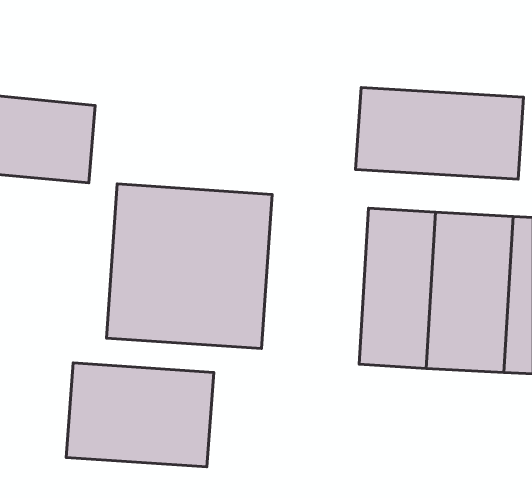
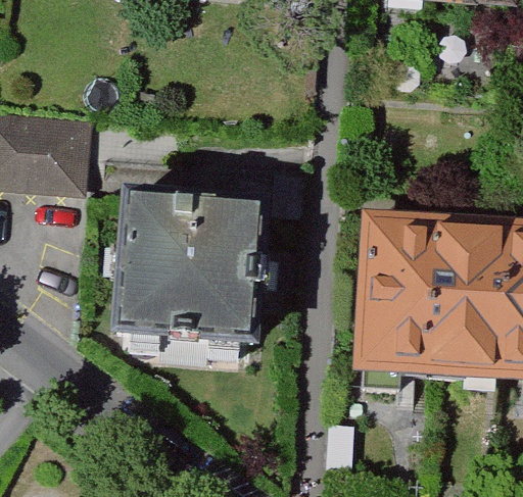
building: [356,87,524,179] -> none
building: [66,363,214,467] -> none

